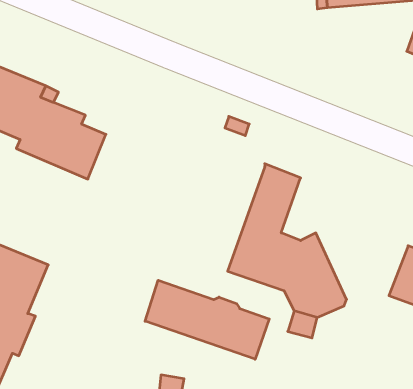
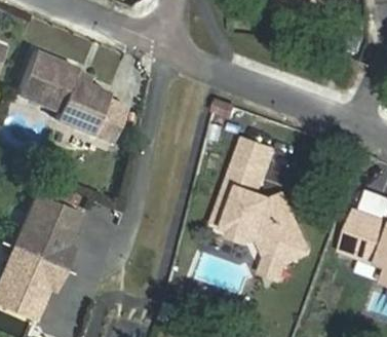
building: [145,280,269,359] -> none

